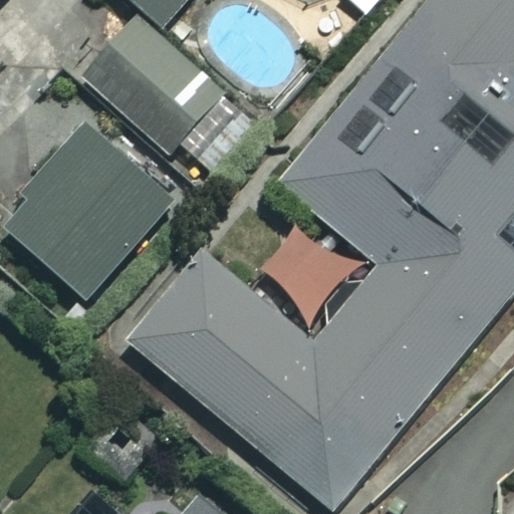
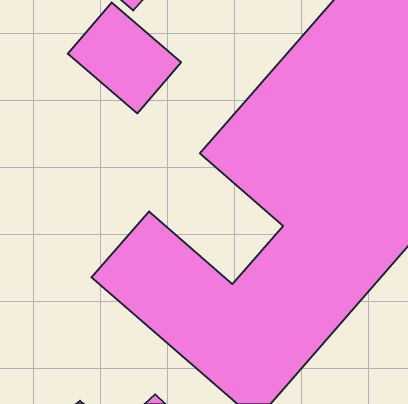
building: [15,113,184,285] -> none

